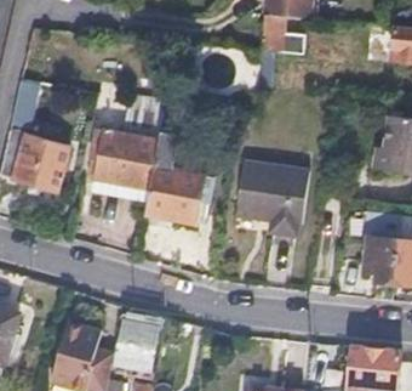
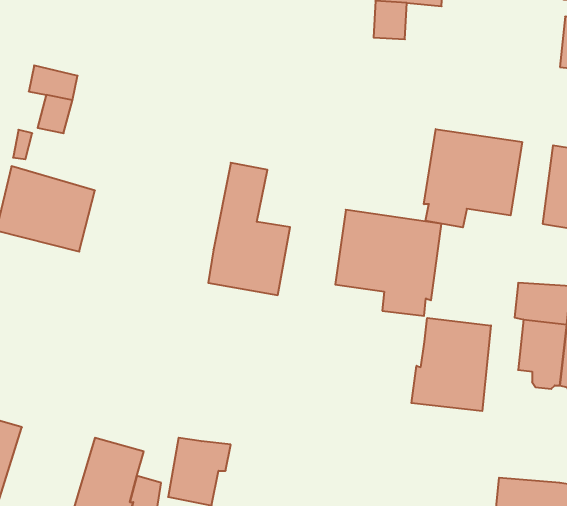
building: [93,91,170,188] -> none
building: none -> [424,129,522,227]
building: none -> [411,318,491,411]

